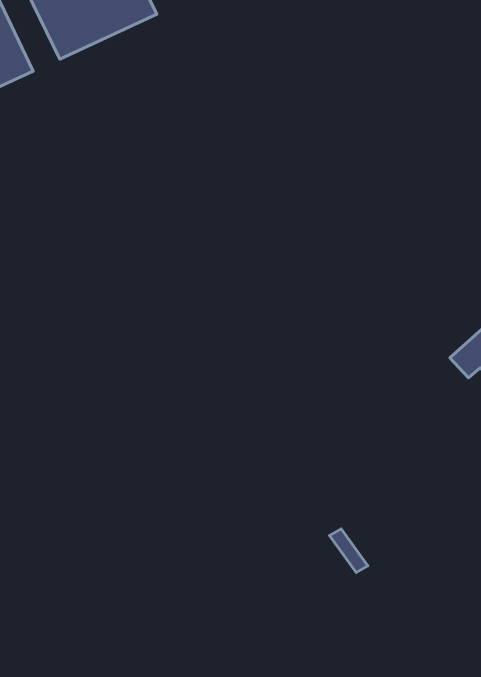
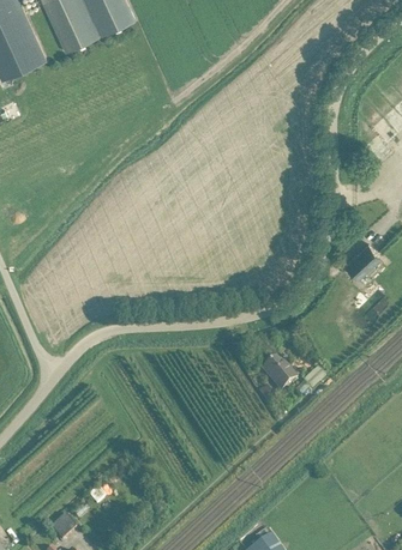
building: none -> [263,355,298,388]

